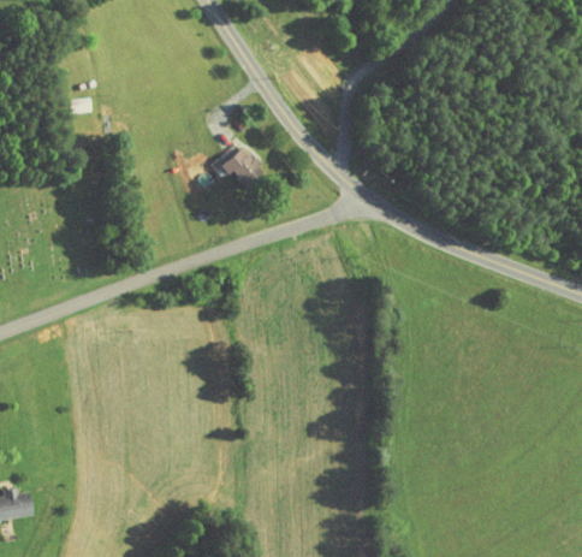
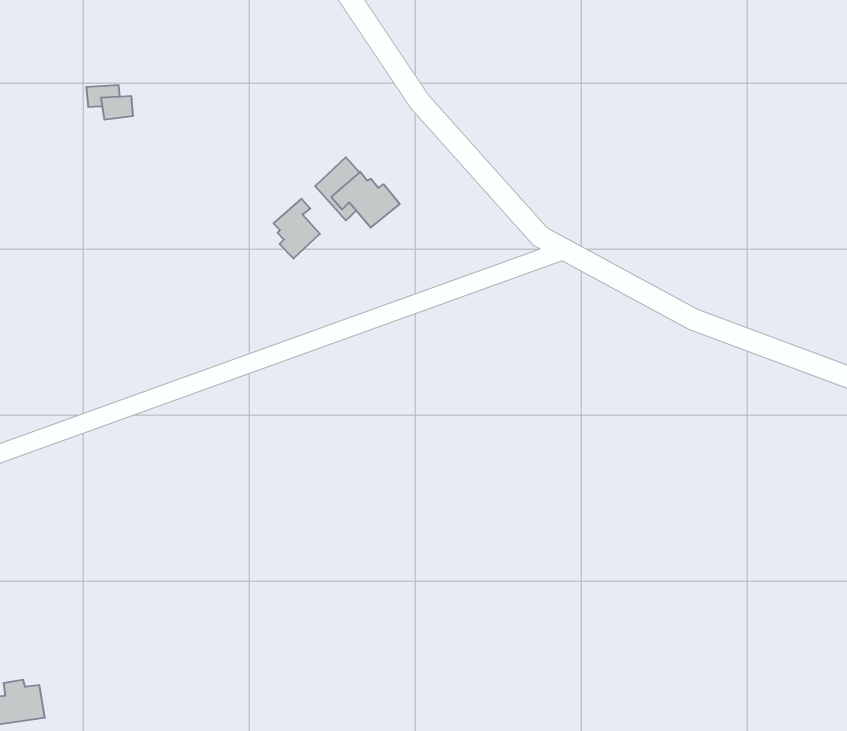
building: none -> [274,199,320,259]

